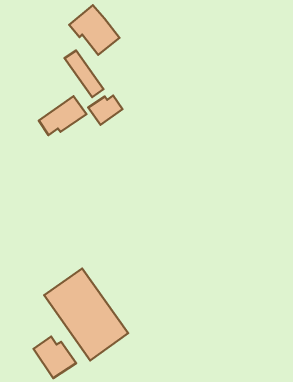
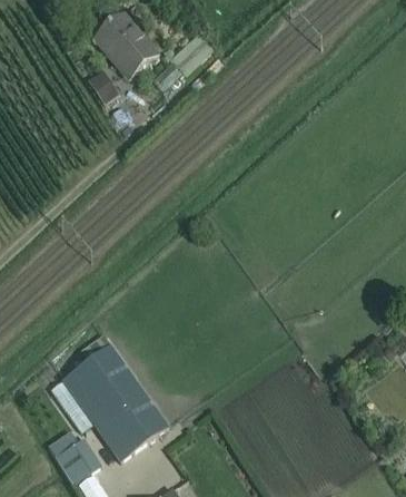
building: [88,96,123,125] -> none
building: [39,96,87,135] -> none

